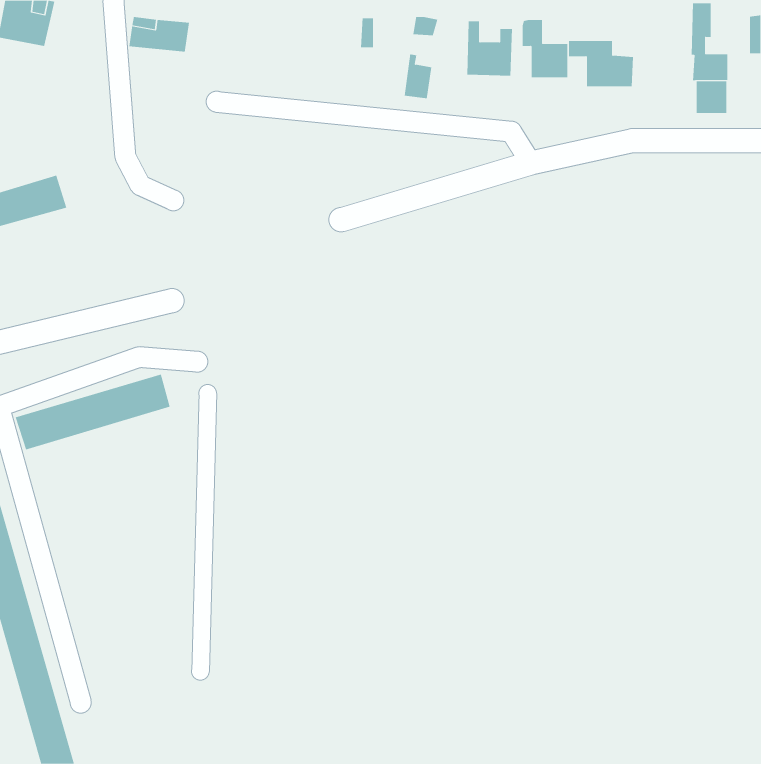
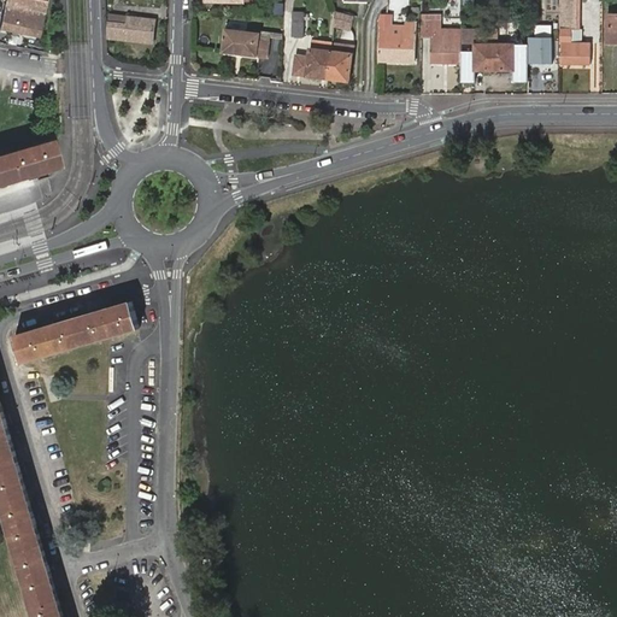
building: none -> [218,29,268,60]
building: none -> [292,42,330,77]
building: [696,81,727,114] -> [524,36,550,63]

